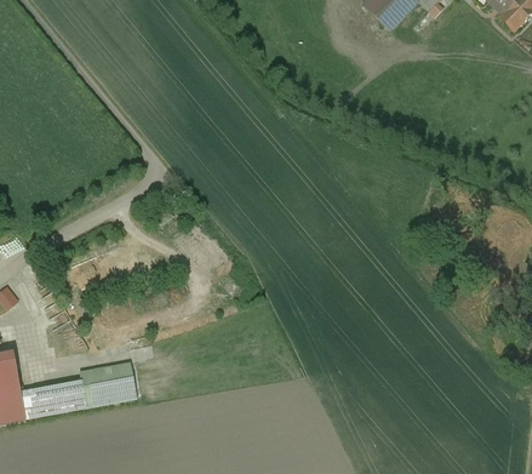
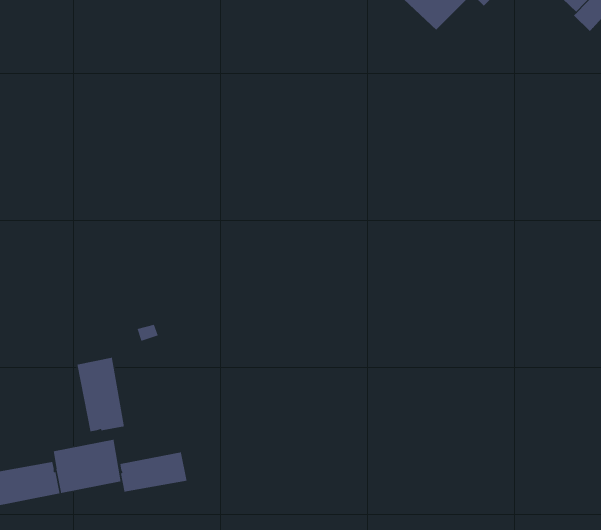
building: none -> [76,357,125,432]
building: none -> [119,451,188,493]

